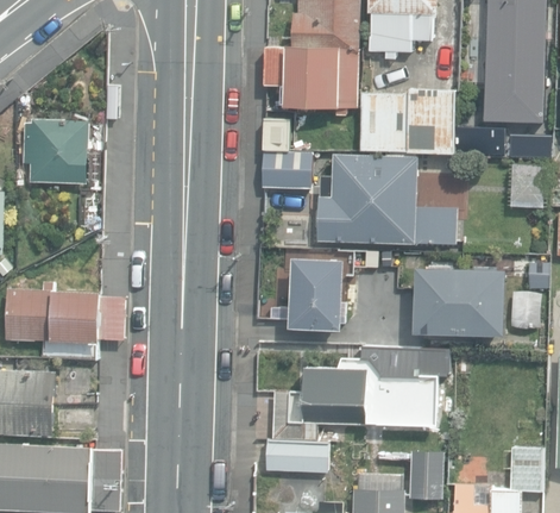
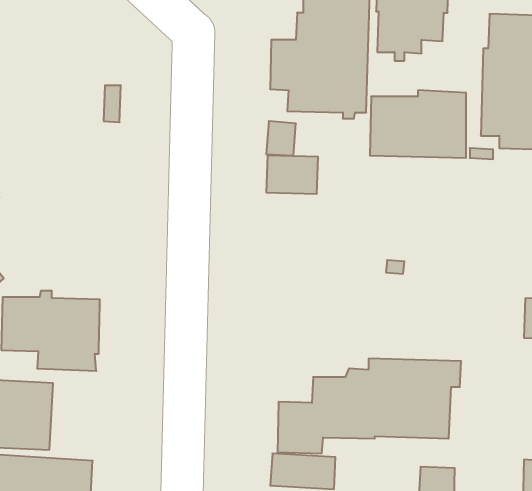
building: [24,118,89,183] -> none
building: [315,154,457,244] -> none
building: [290,258,344,330] -> none
building: [416,267,506,339] -> none

